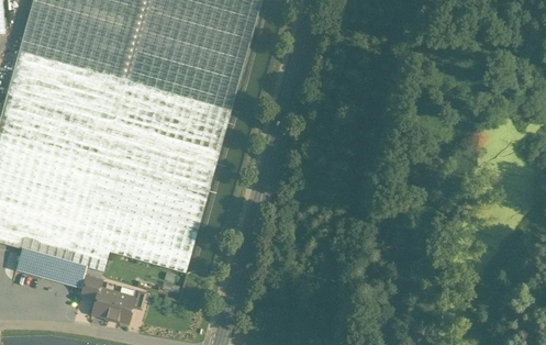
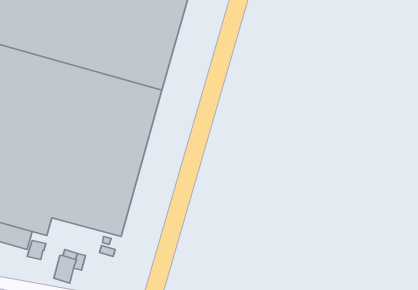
building: [91,288,116,319] -> none

